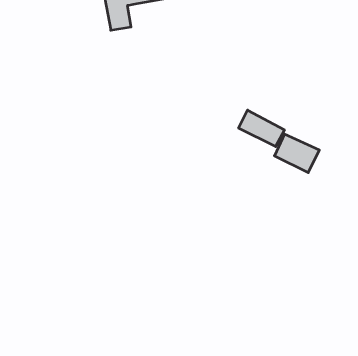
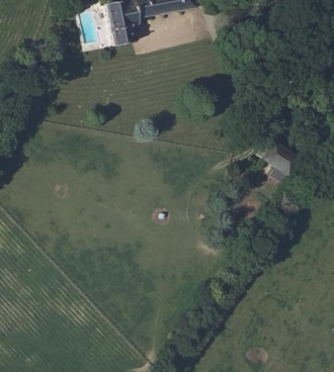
building: [239,110,284,147] -> none

